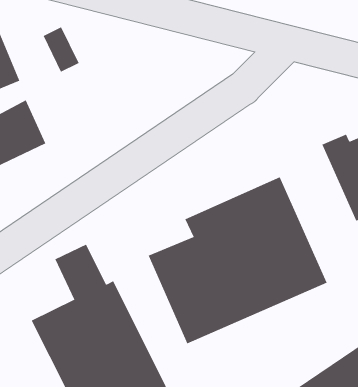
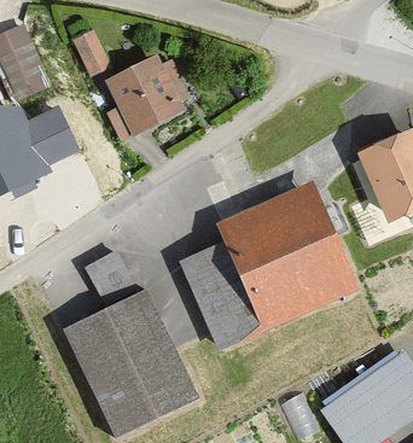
building: none -> [105,54,190,141]

